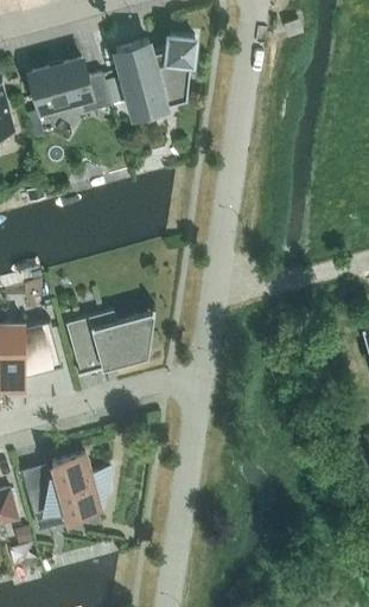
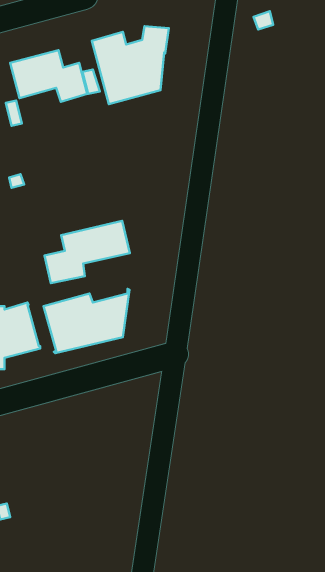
building: none -> [44,221,130,283]
building: [27,453,109,530] -> none

